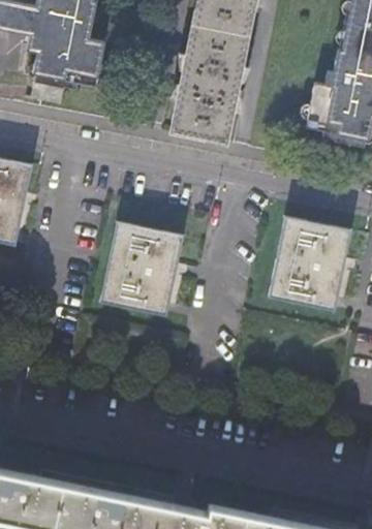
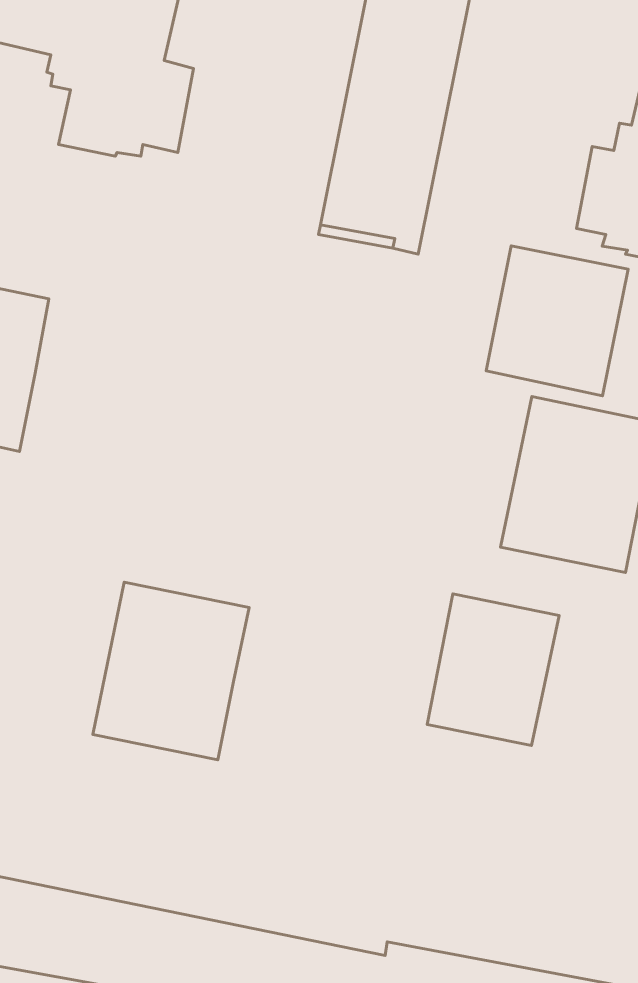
building: none -> [486,246,628,396]
building: [99,222,182,316] -> [93,582,249,760]
building: none -> [427,594,559,745]

